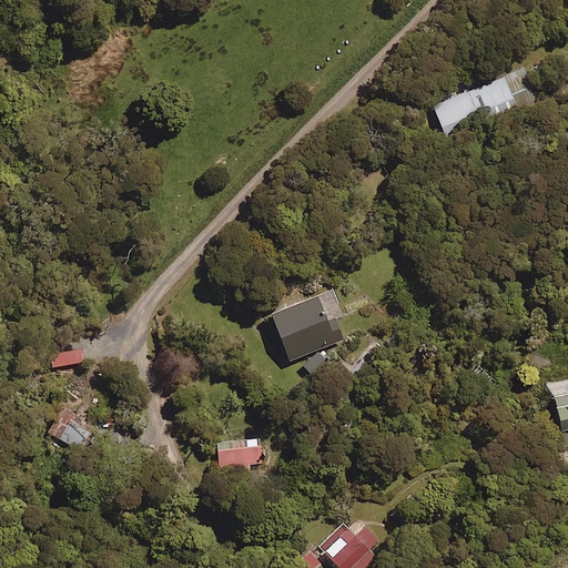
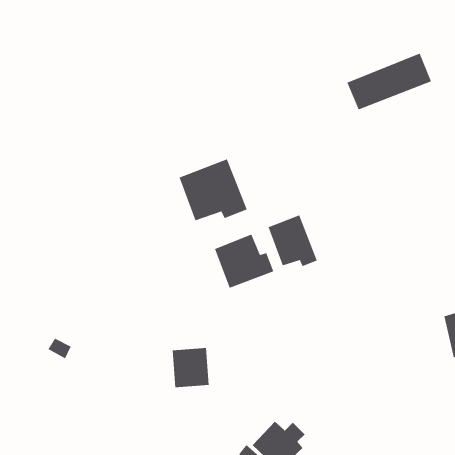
building: none -> [179,158,247,221]
building: none -> [268,215,317,267]

